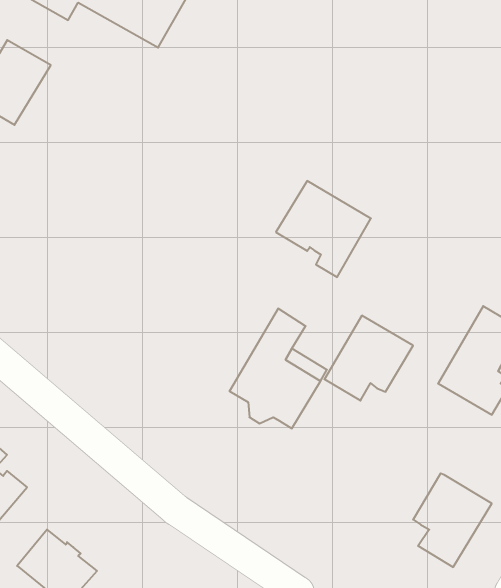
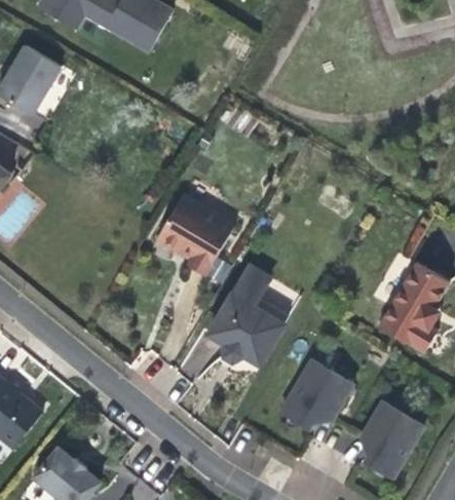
building: [276,181,371,277] -> [155,197,233,276]
building: [324,316,413,401] -> [280,359,353,429]

